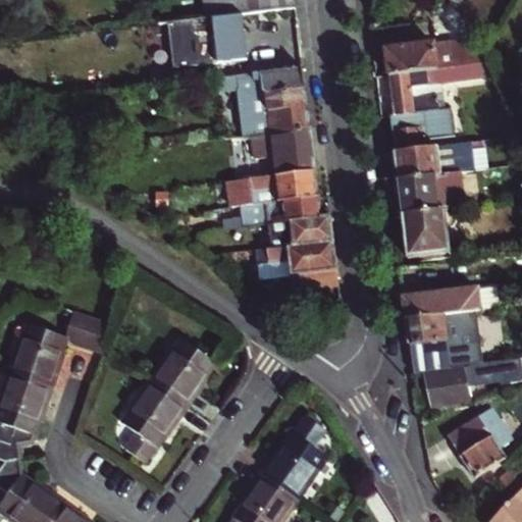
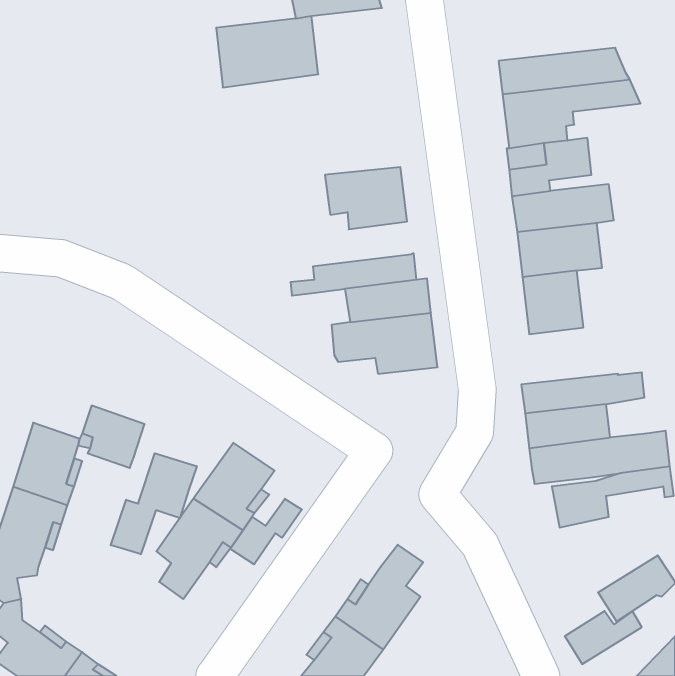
building: [225,67,308,136] -> none
building: [226,170,316,206] -> none
building: none -> [111,453,197,554]
building: none -> [230,499,302,564]
building: [447,415,506,456] -> [565,611,642,664]

